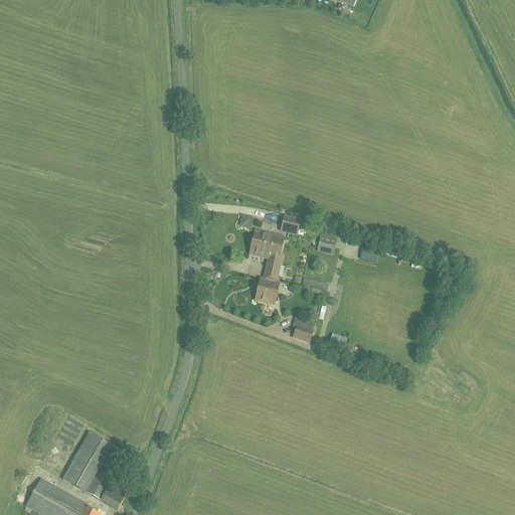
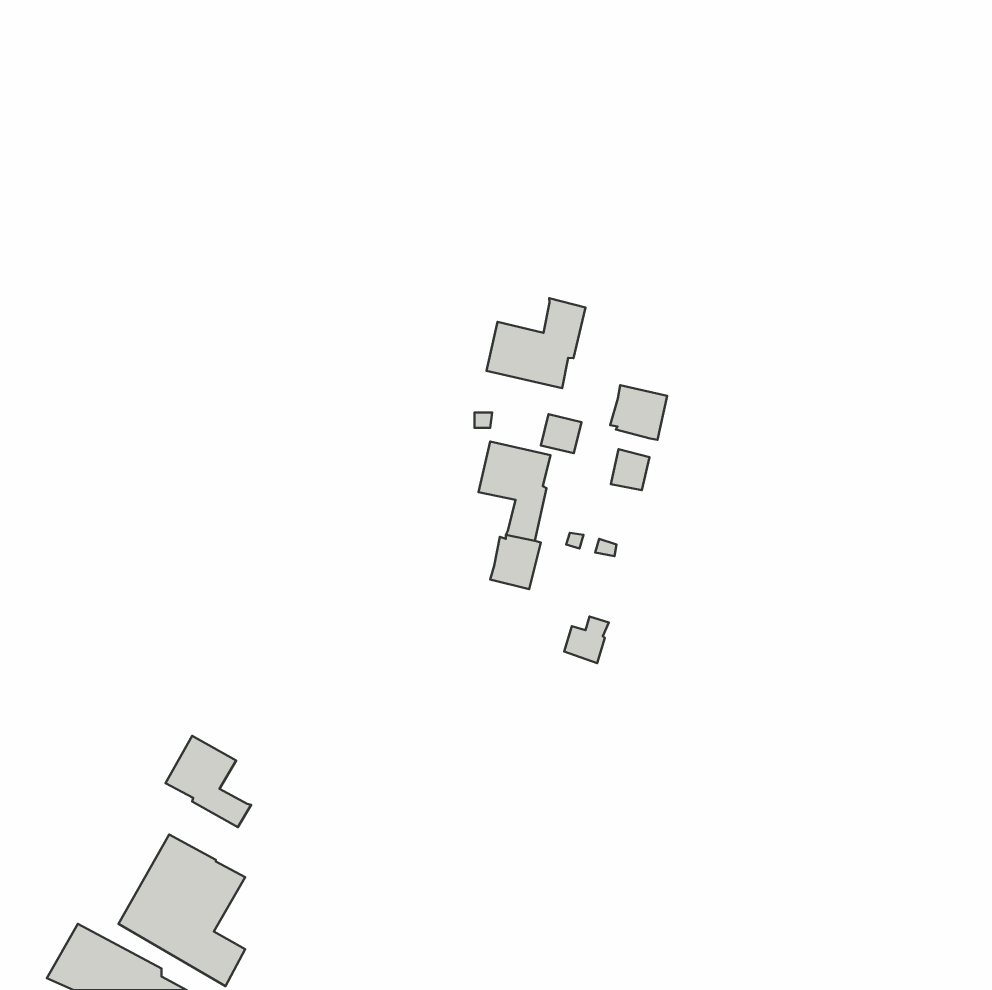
building: none -> [487,298,585,388]
building: none -> [610,385,667,440]
building: none -> [166,736,251,827]

